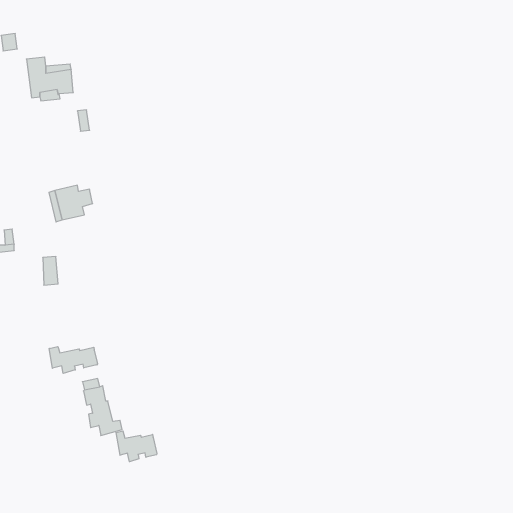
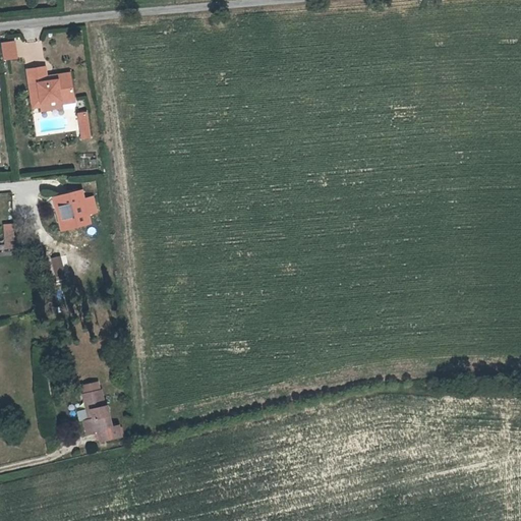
building: [49,347,97,373] -> none
building: [116,431,157,462] -> none

